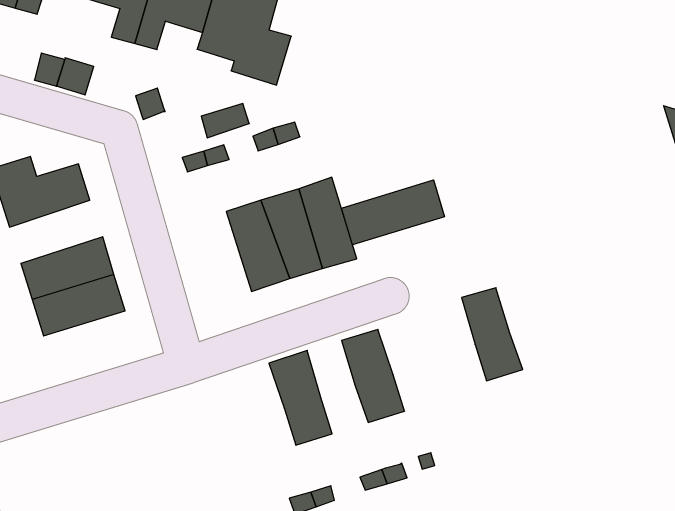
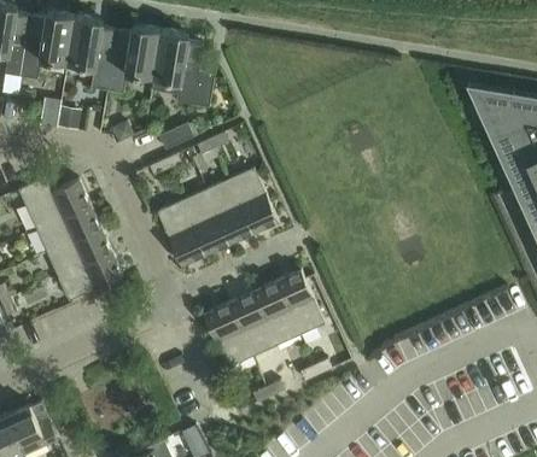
building: [341,180,444,245] -> none
building: none -> [35,204,100,253]
building: none -> [156,200,208,265]
building: [462,288,523,381] -> [251,280,299,345]
building: none -> [202,301,251,367]

